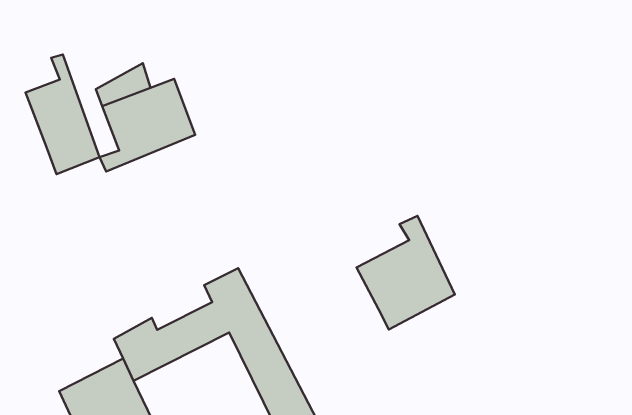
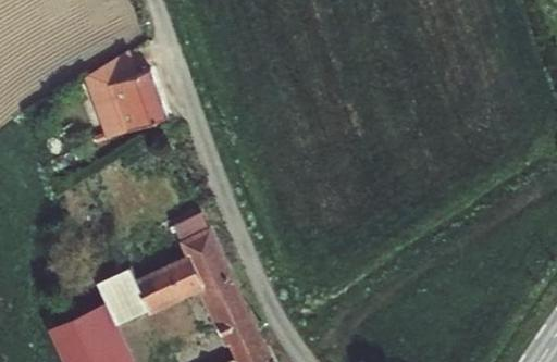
building: [26,54,100,174] -> none
building: [357,216,455,329] -> none

